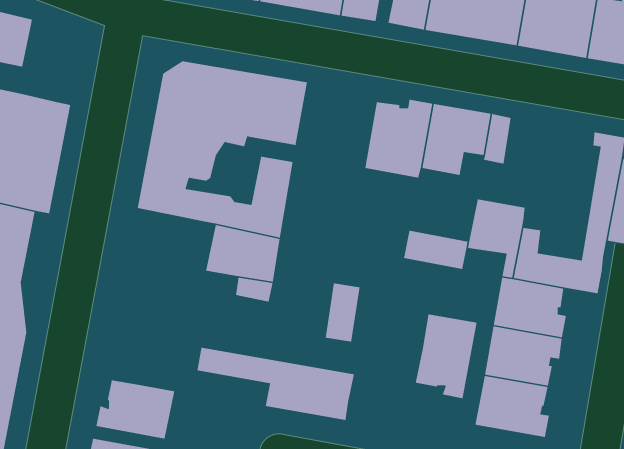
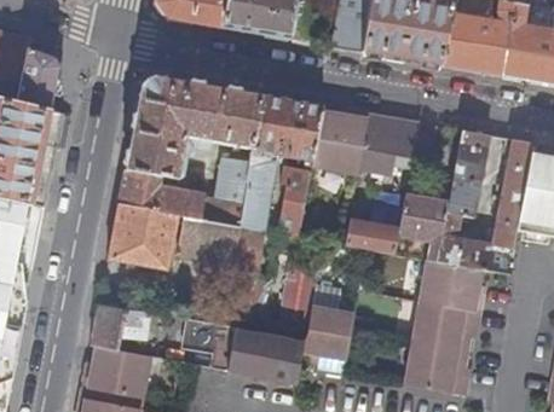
building: none -> [19,47,59,110]
building: none -> [240,93,322,230]
building: none -> [446,128,490,215]
building: none -> [277,166,310,238]
building: none -> [106,201,178,267]
building: [415,314,478,399] -> [300,301,353,373]
building: none -> [90,303,151,349]

